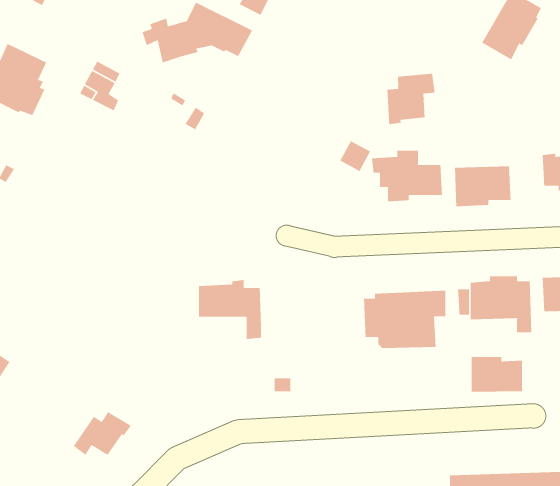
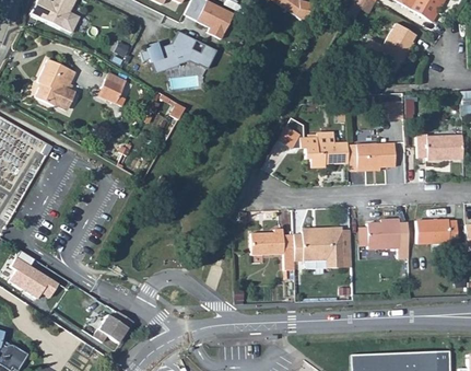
building: [386,73,435,125] -> none
building: [198,279,262,340] -> [250,228,294,269]
building: [471,356,523,393] -> none

